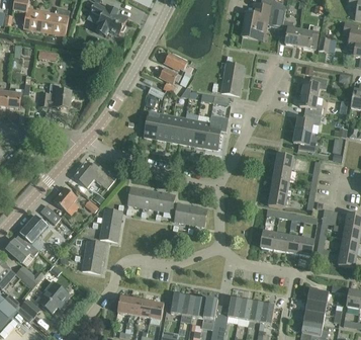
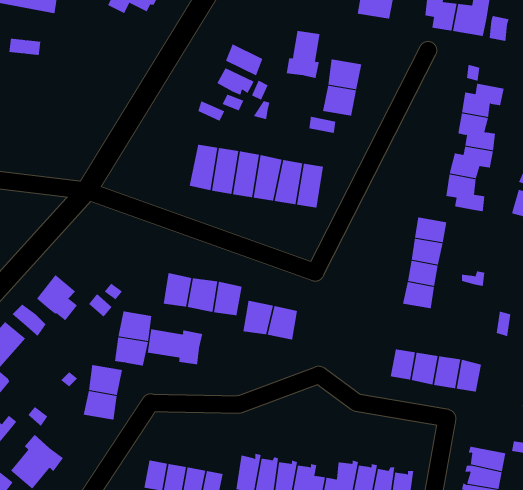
building: none -> [286,30,320,79]
building: [40,83,72,107] -> none
building: [75,161,115,188] -> none
building: none -> [147,329,203,365]

